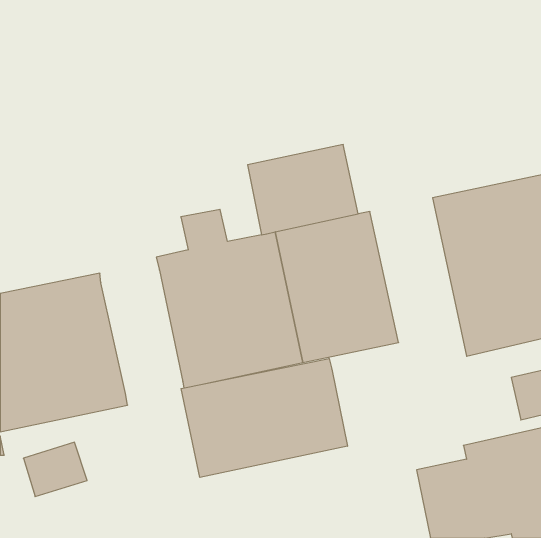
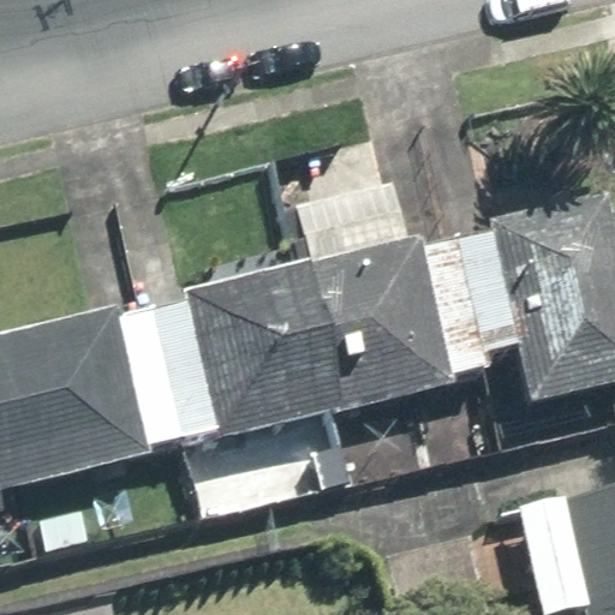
building: none -> [420,223,518,387]
building: none -> [117,305,209,444]
building: [181,358,347,477] -> none

